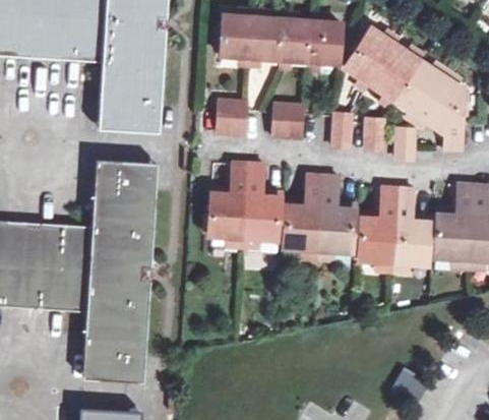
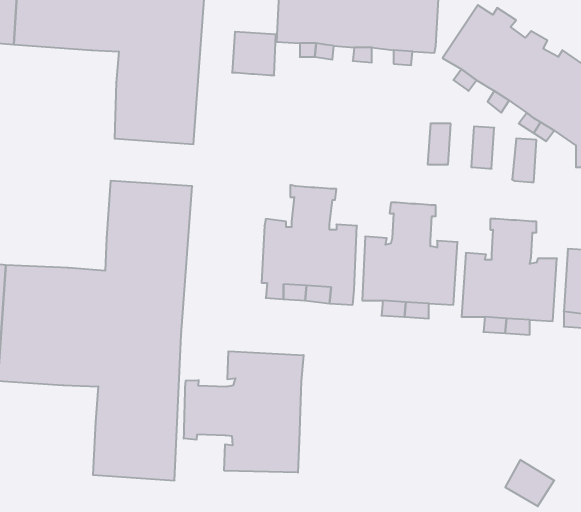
building: [216,101,248,133] -> [232,32,276,75]
building: [271,104,305,136] -> none
building: none -> [184,351,304,473]

